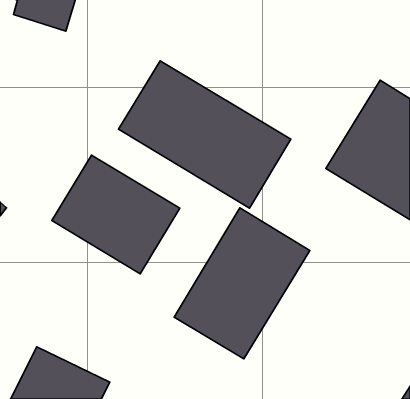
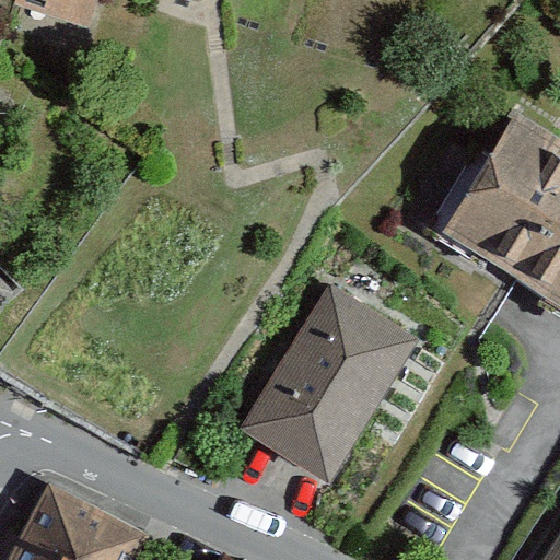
building: [119,61,291,208] -> none
building: [52,155,180,274] -> none

